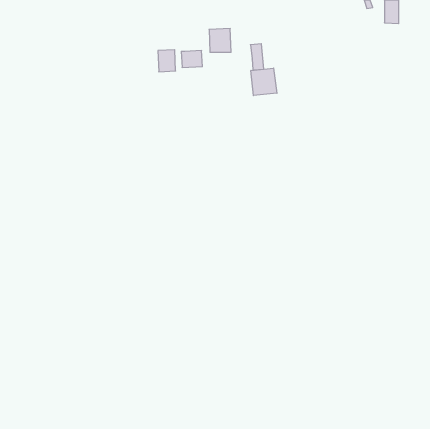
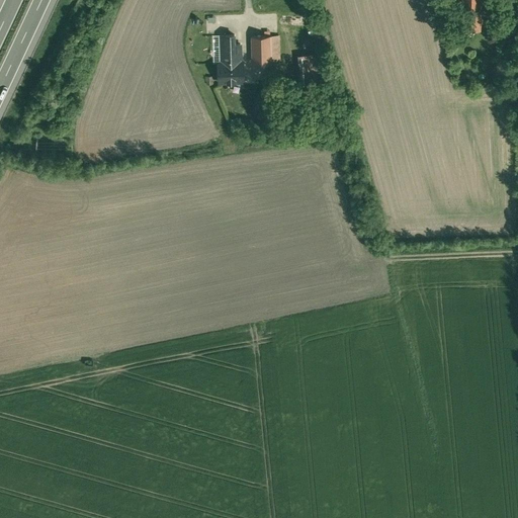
building: [158,50,176,72] -> [221,37,242,64]
building: [251,68,277,96] -> none

